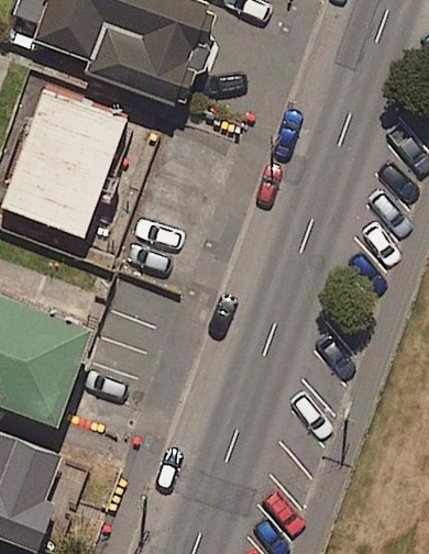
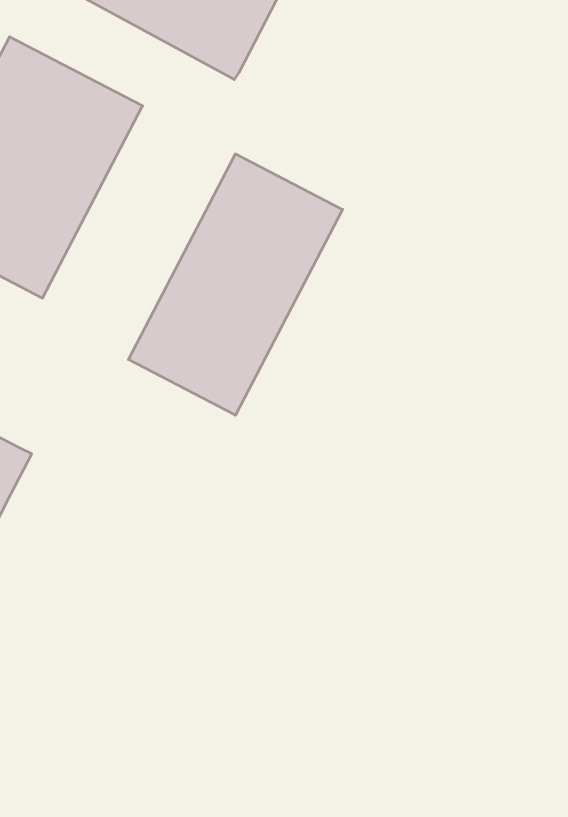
building: none -> [128,154,343,415]

